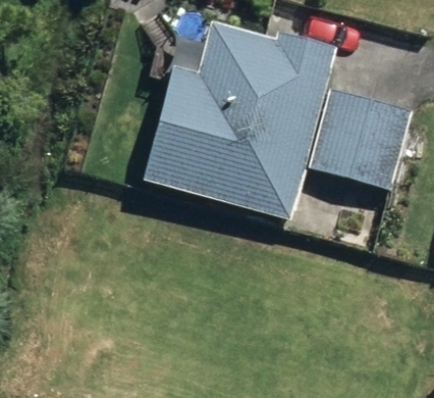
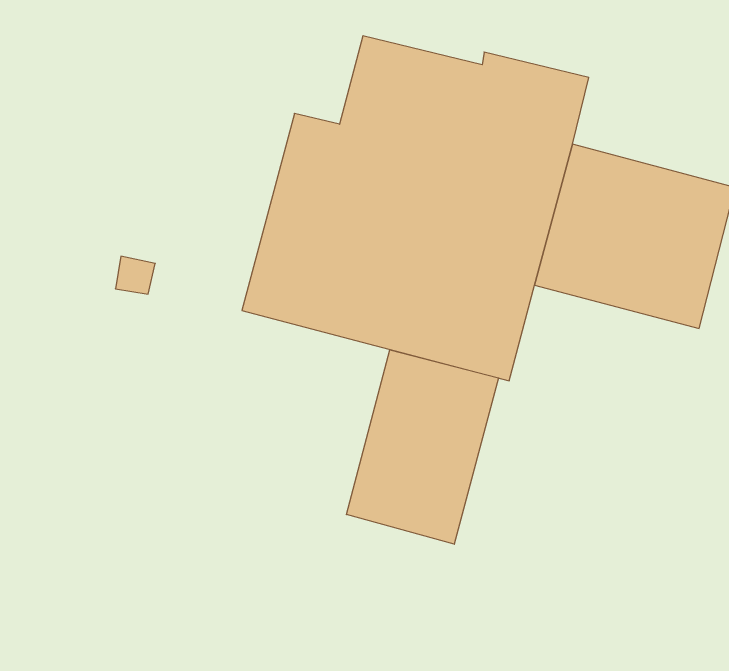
building: none -> [346,350,499,544]

